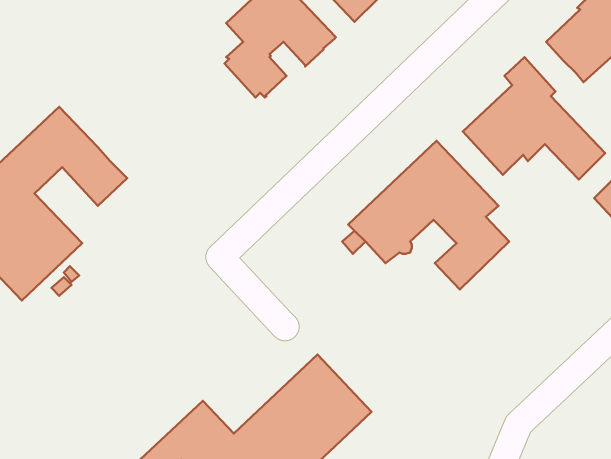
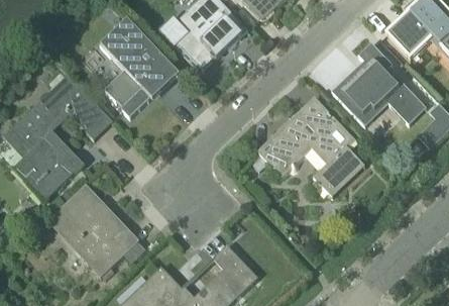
building: none -> [101,20,180,117]
building: none -> [49,187,137,280]

